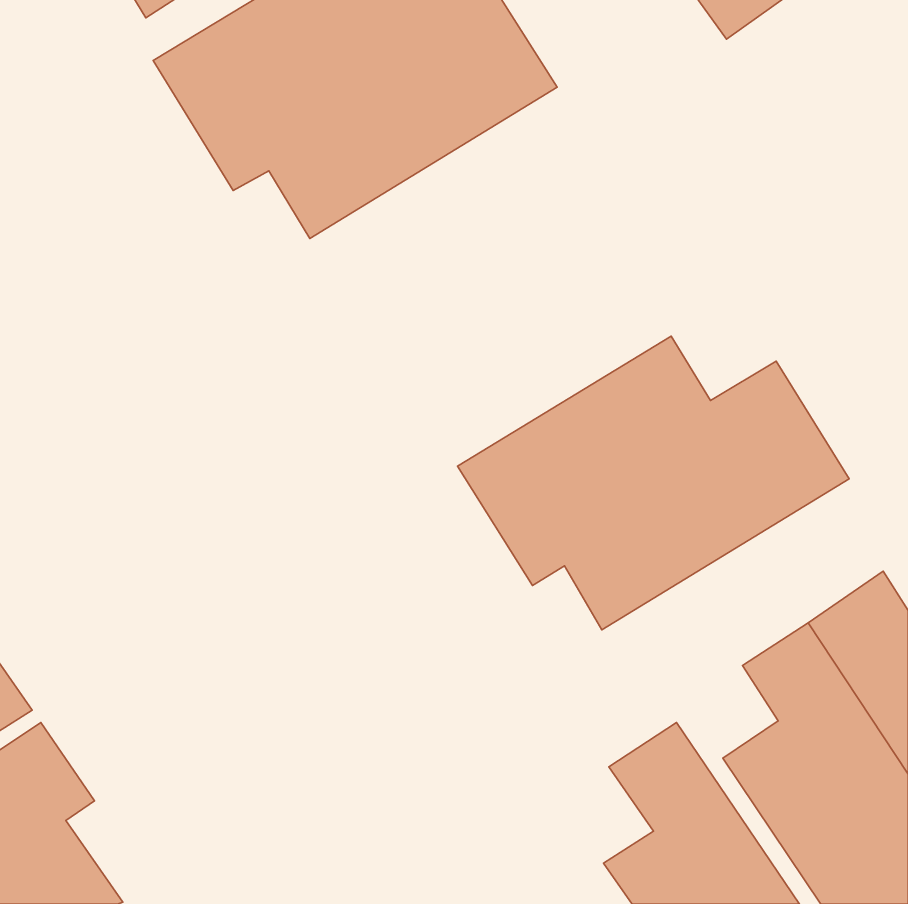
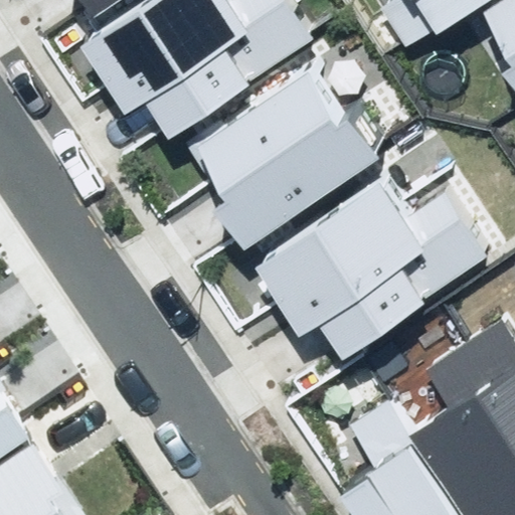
building: none -> [197,79,371,247]

